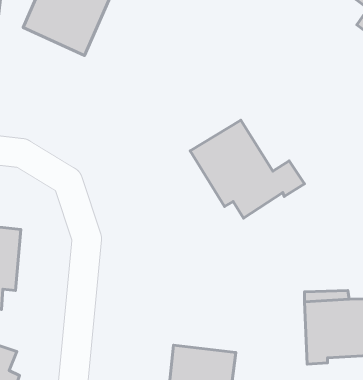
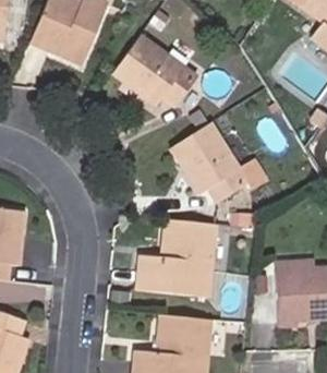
building: none -> [112,38,195,110]
building: none -> [146,212,220,289]

